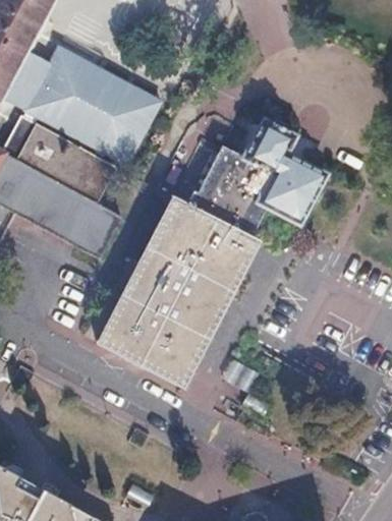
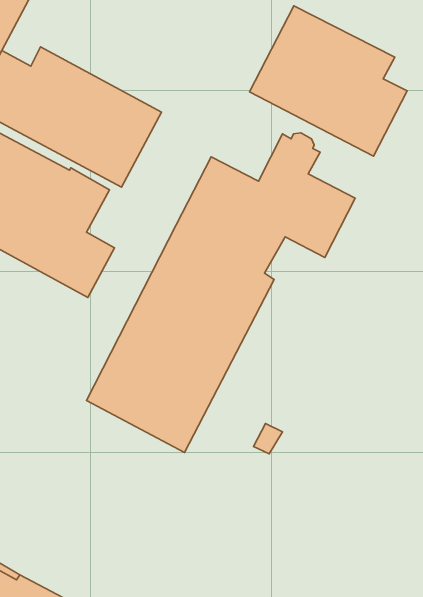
building: none -> [249,6,407,156]

